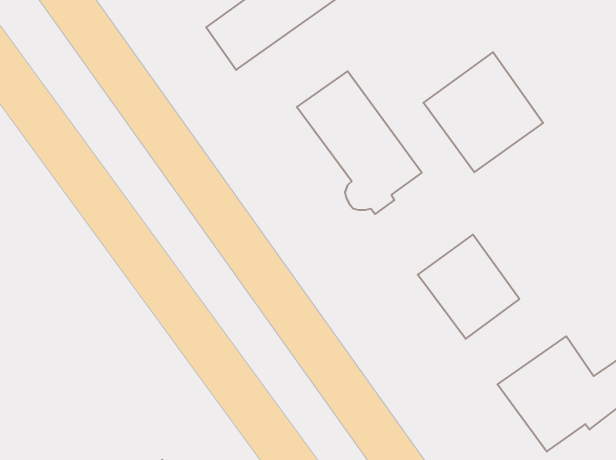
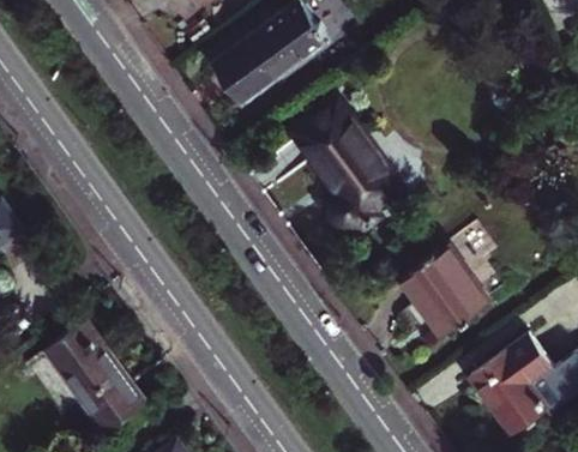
building: [423,52,543,172] -> none
building: none -> [43,323,146,435]

